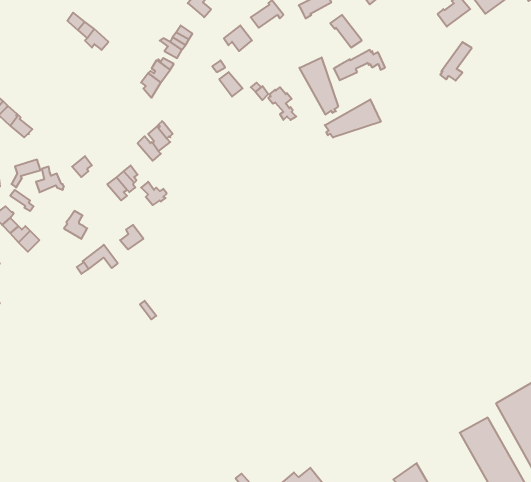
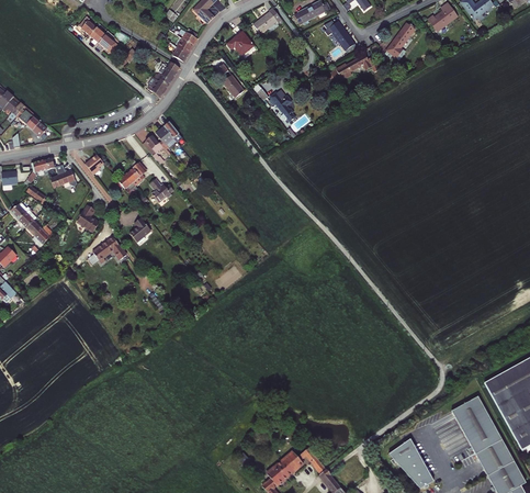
building: [440,42,472,81] -> [385,22,415,58]
building: [299,57,338,115] -> none
building: [325,99,381,138] -> none

